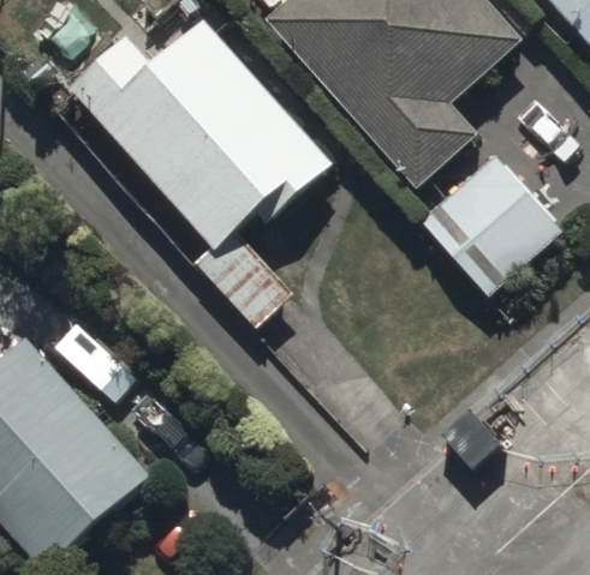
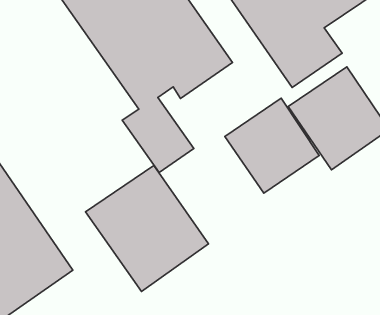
building: none -> [225,98,319,193]
building: none -> [86,165,209,291]

